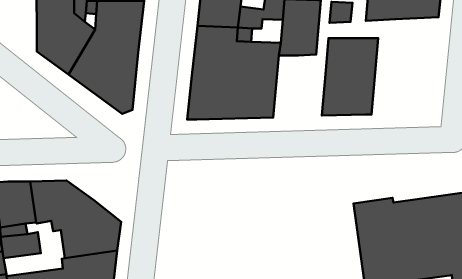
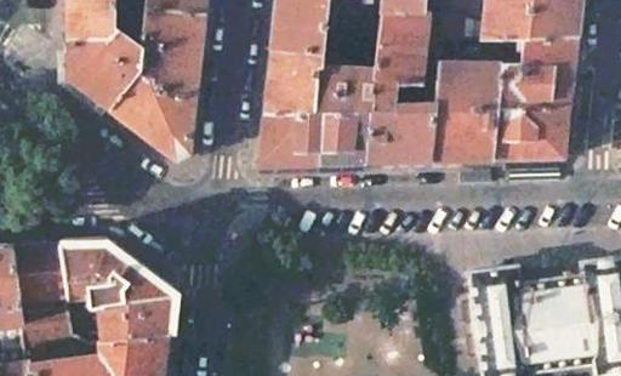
building: none -> [491,35,576,159]
building: none -> [366,84,433,163]

